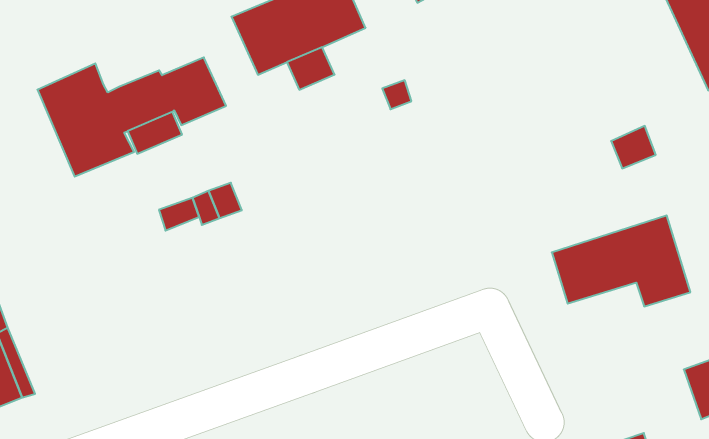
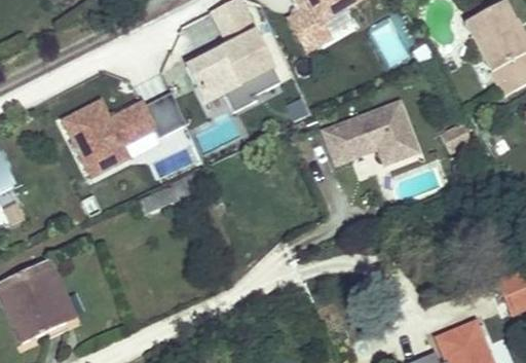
building: [552,215,690,306] -> [328,100,420,161]

